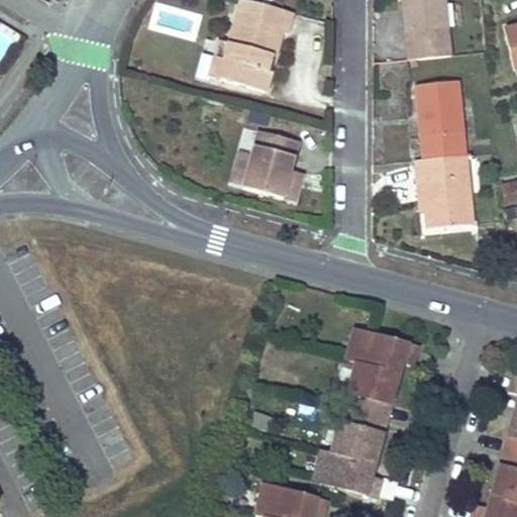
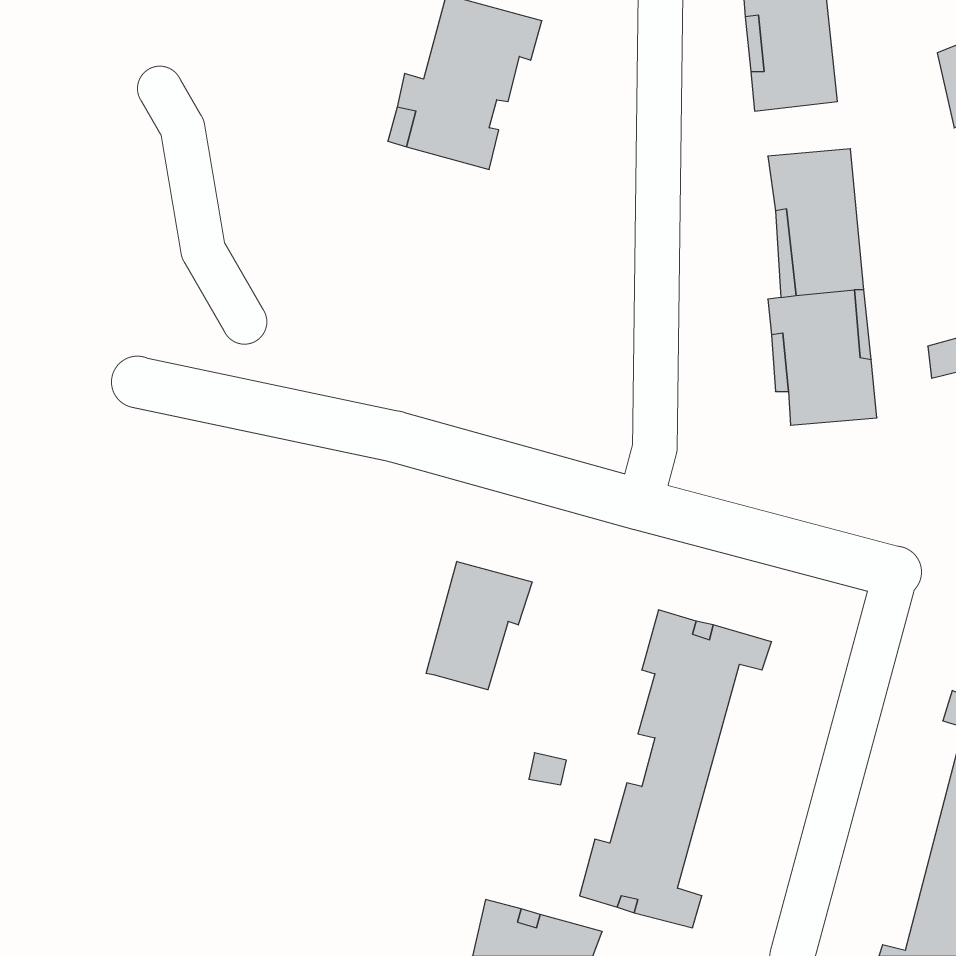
building: [242,129,304,202] -> none
building: none -> [426,561,532,690]

